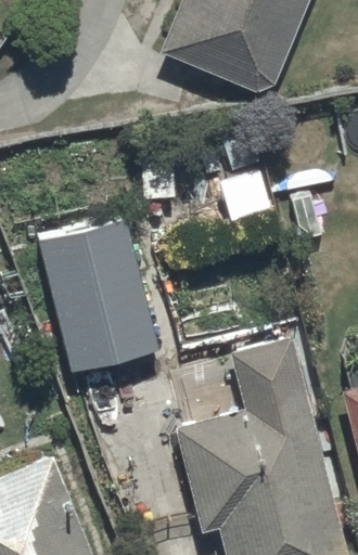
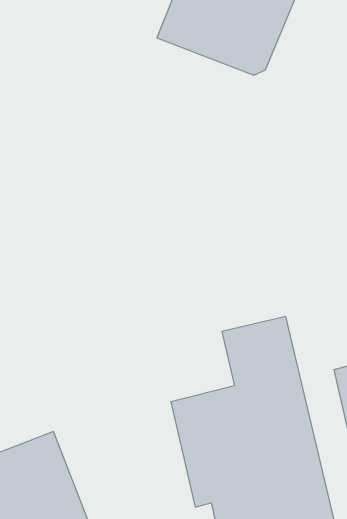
building: [40,220,158,371] -> none

